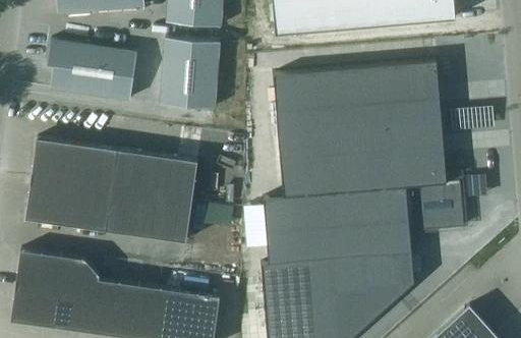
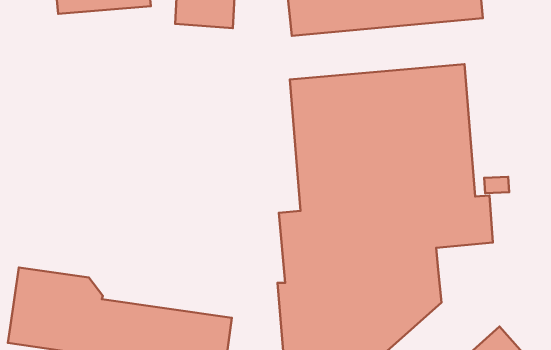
building: [160,39,220,109] -> none
building: [48,41,137,101] -> none
building: [25,139,197,242] -> none

